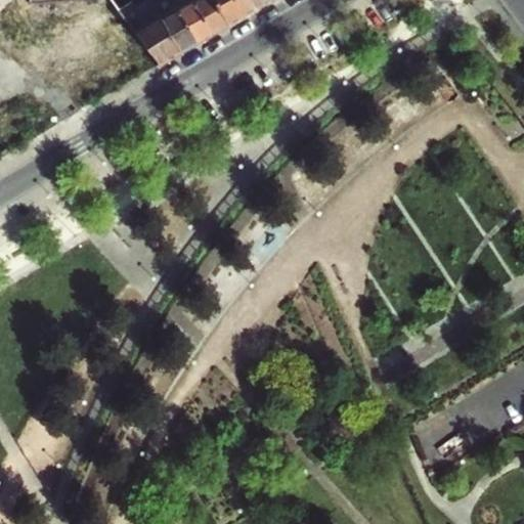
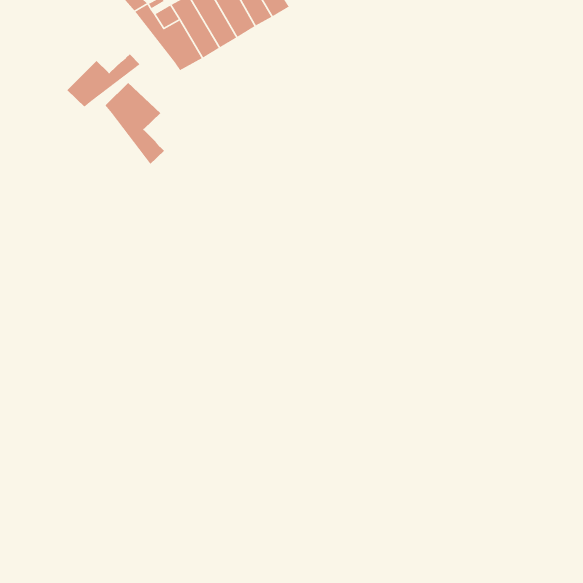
building: none -> [66,53,141,107]
building: none -> [104,82,165,165]

